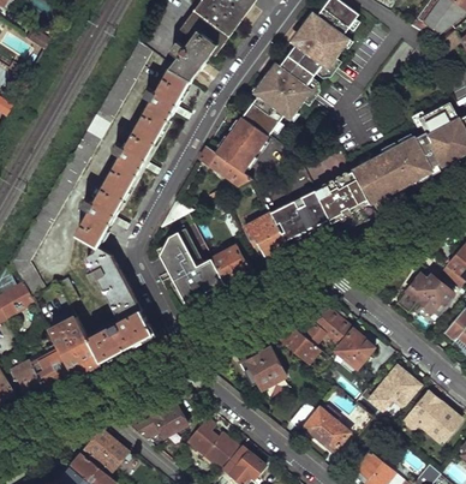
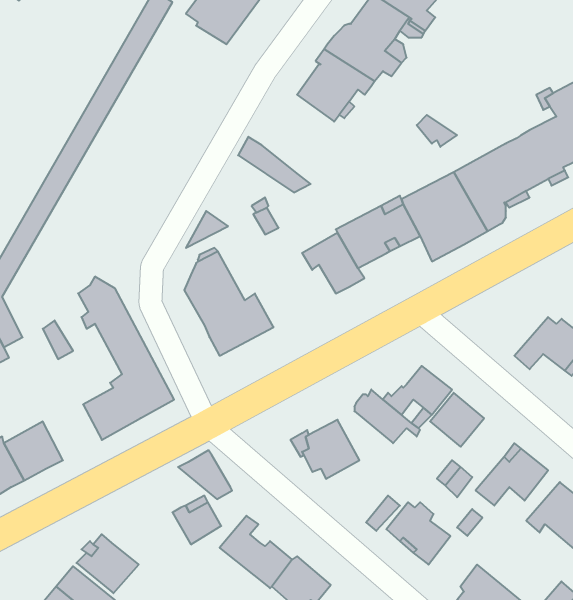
building: [76,66,191,245] -> none
building: [216,115,268,171] -> none
building: [211,245,250,283] -> none
building: [50,316,102,376] -> none
building: [129,410,167,444] -> [178,450,232,499]

